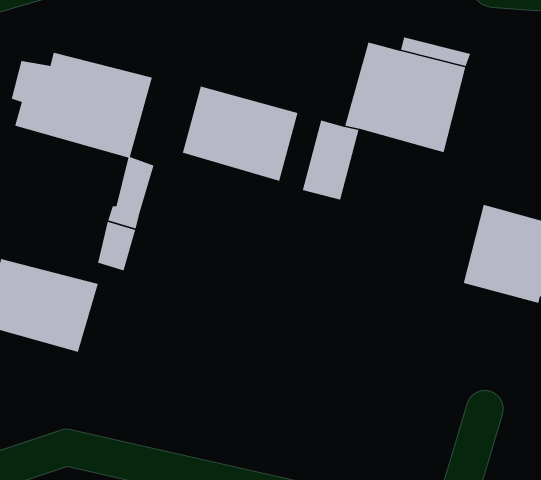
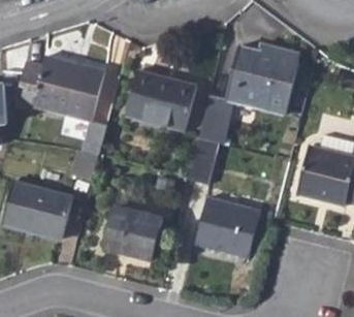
building: none -> [187,138,218,184]
building: none -> [193,198,259,258]
building: none -> [102,205,161,259]

